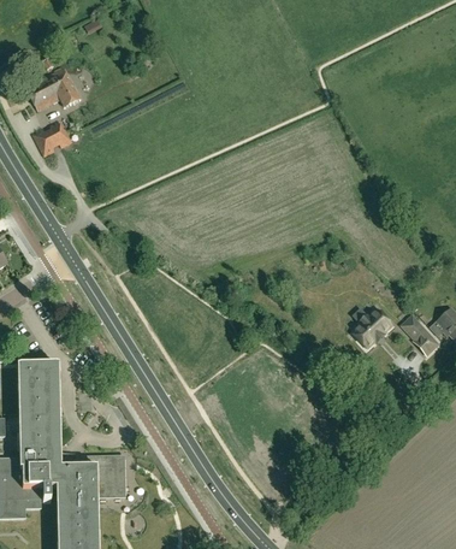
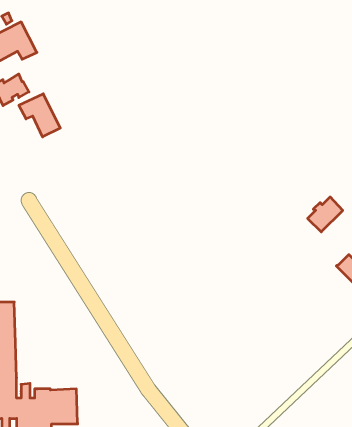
building: none -> [19,94,60,137]
building: [354,311,391,348] -> [308,197,343,232]

